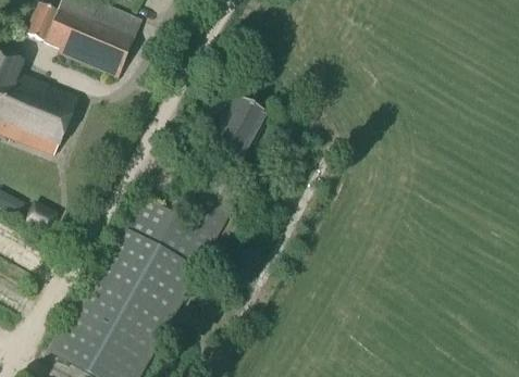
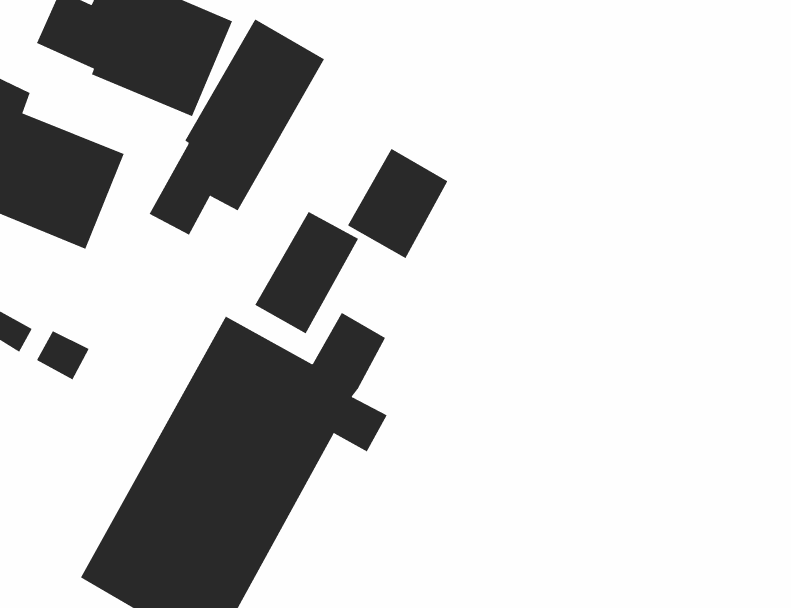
building: none -> [149,18,325,236]
building: none -> [255,211,359,334]

